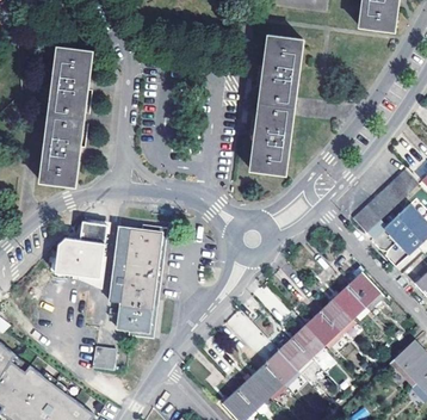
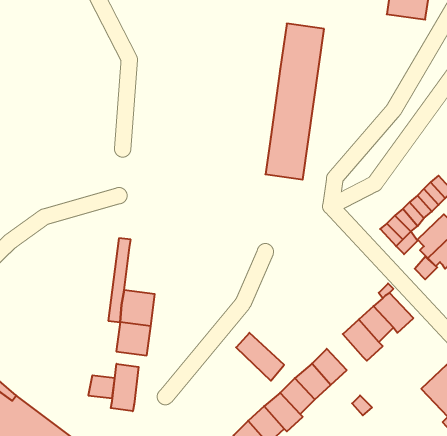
building: [38,44,92,185] -> none
building: [55,220,107,278] -> none
building: [124,227,157,276] -> none
building: [305,311,341,348] -> none
building: none -> [111,364,139,411]

